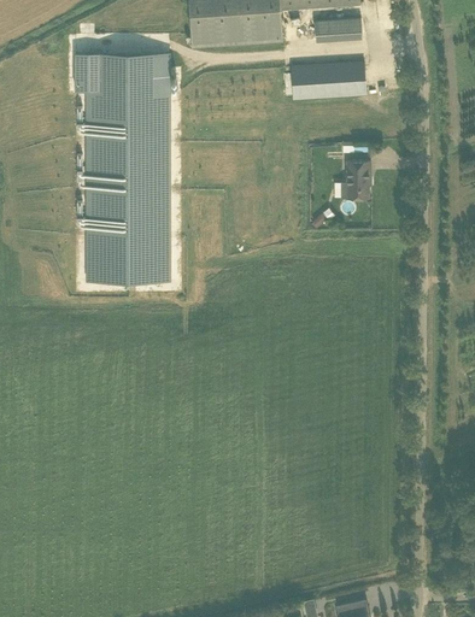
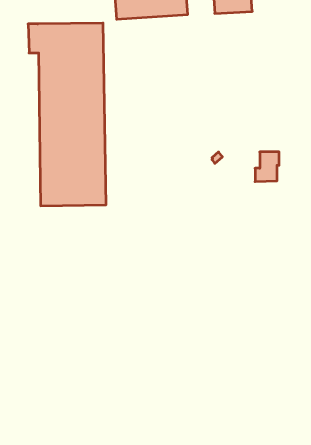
building: [286,61,360,99] -> none
building: [335,160,365,198] -> [255,152,279,182]

